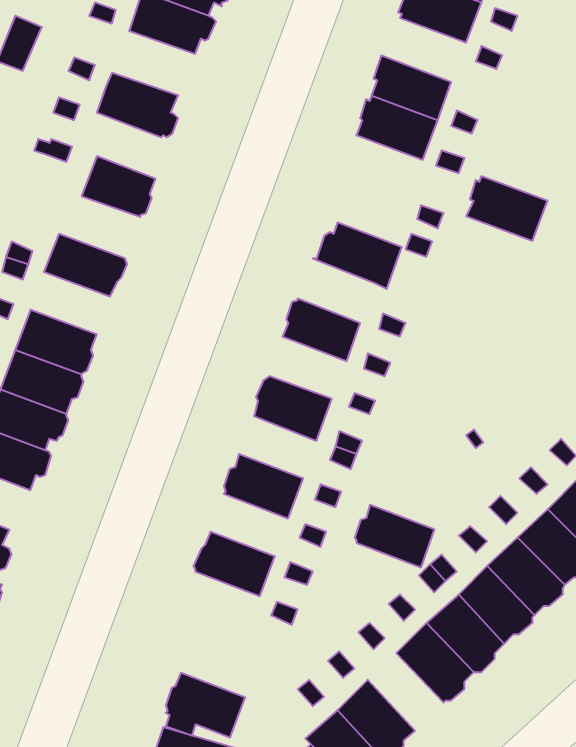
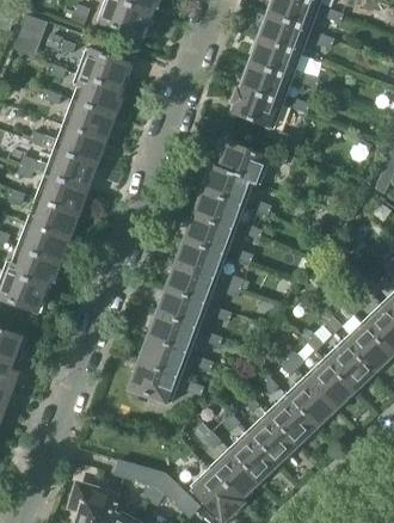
building: none -> [256,14,309,55]
building: none -> [72,74,121,116]
building: [466,176,548,241] -> [230,88,282,129]
building: none -> [29,125,105,166]
building: none -> [203,166,252,207]
building: none -> [35,174,85,214]
building: none -> [185,215,234,254]
building: none -> [165,265,215,304]
building: [355,505,434,567] -> [147,314,197,353]
building: none -> [247,414,295,463]
building: [166,673,245,737] -> [129,363,179,404]

